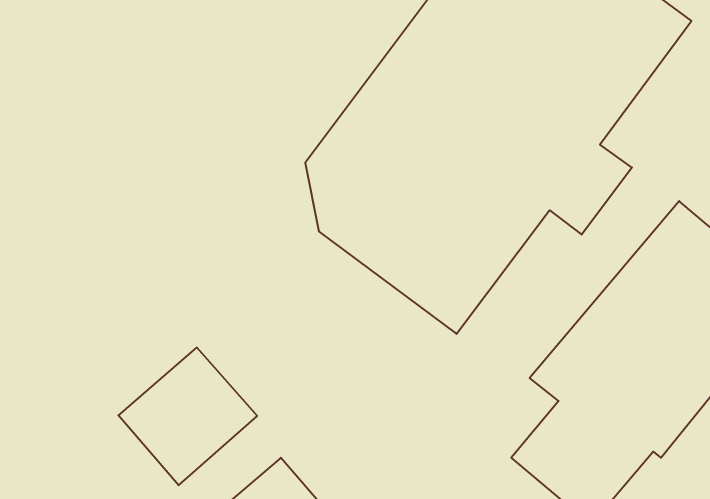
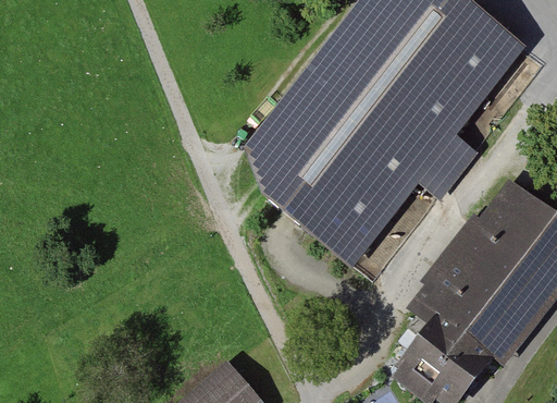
building: [118,347,257,485] -> none

